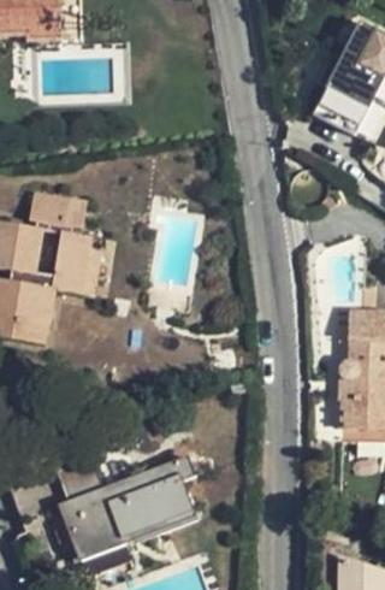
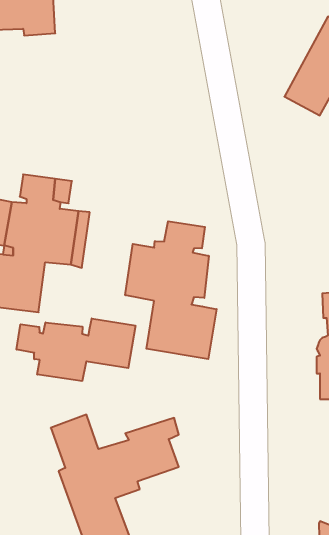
building: none -> [125,221,217,359]
building: none -> [17,318,135,381]

